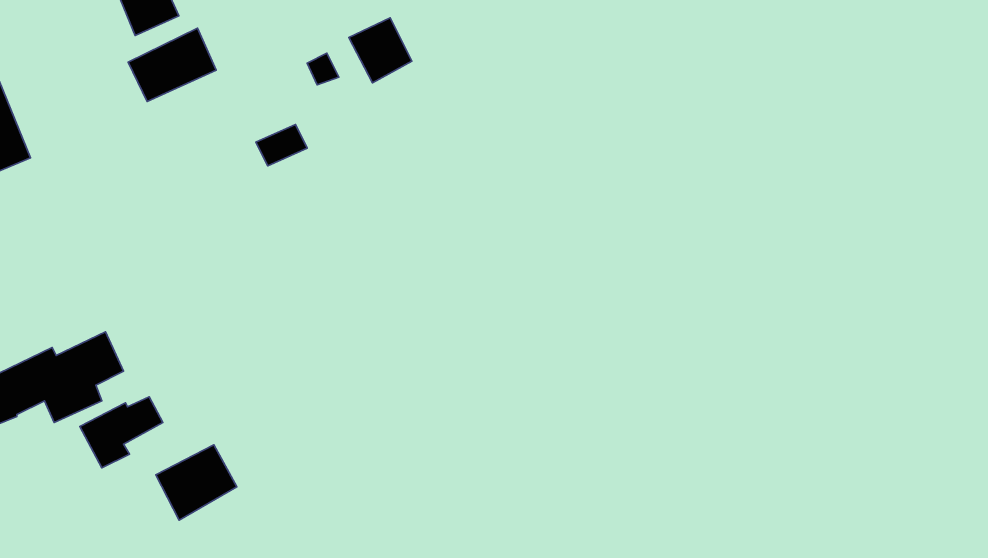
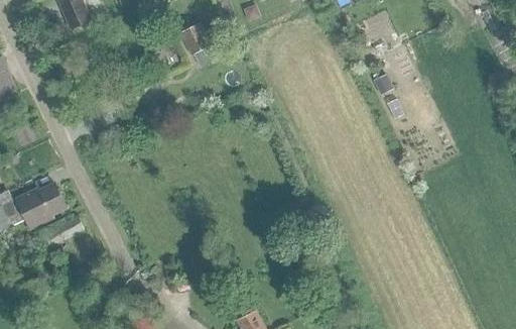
building: [128,28,216,101] -> none
building: [156,445,237,520] -> none

